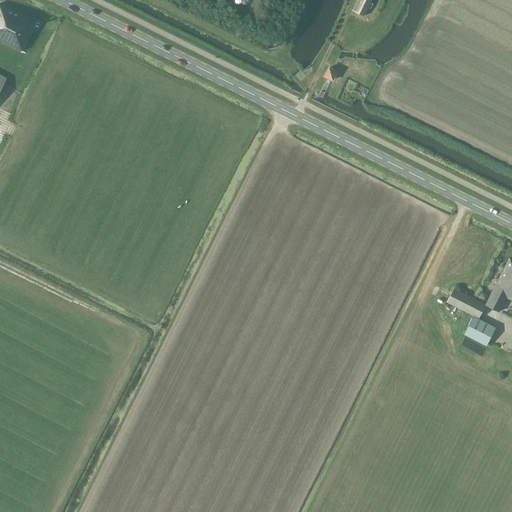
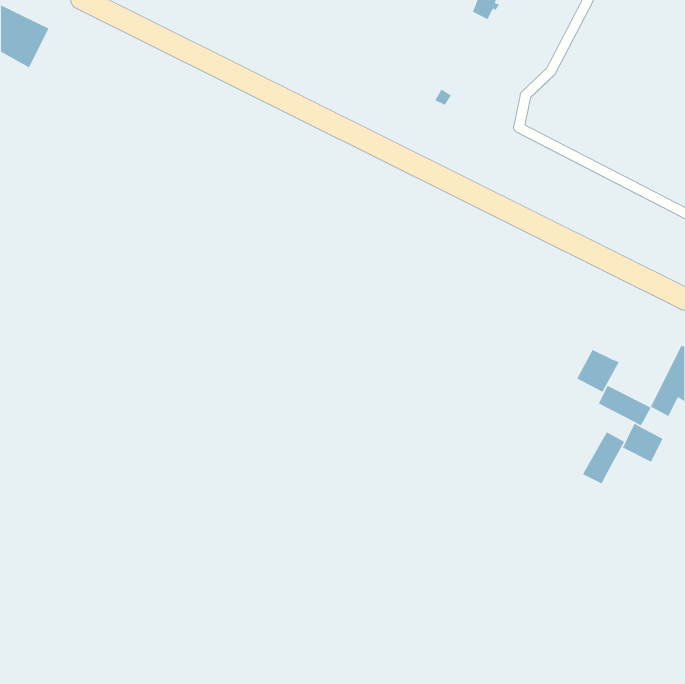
building: none -> [576,349,620,393]
building: none -> [583,431,625,484]

